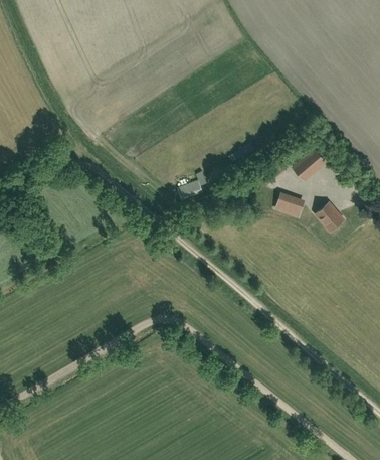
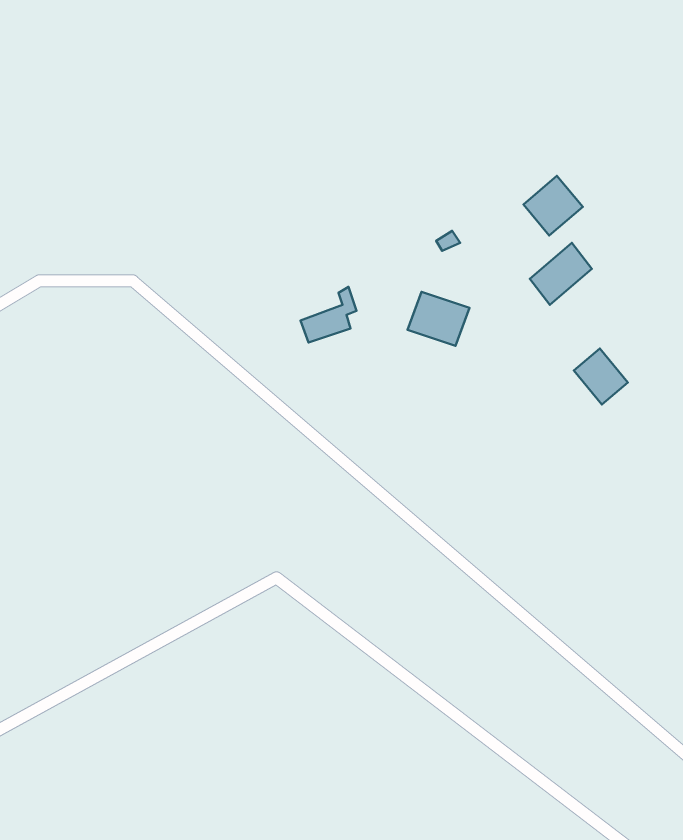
building: none -> [523,176,583,236]
building: [273,193,305,220] -> [408,292,469,346]

